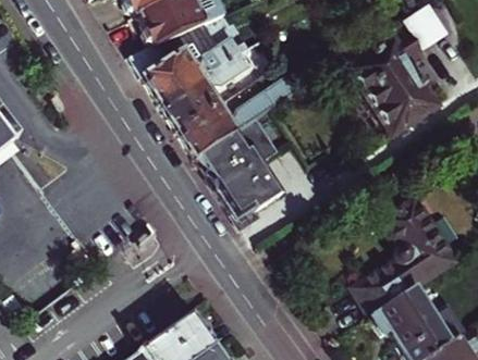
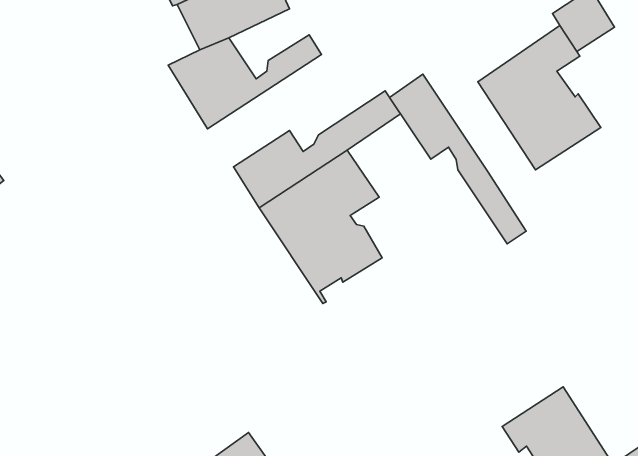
building: [162,47,255,127] -> none
building: none -> [390,74,526,244]
building: [355,194,461,313] -> none

